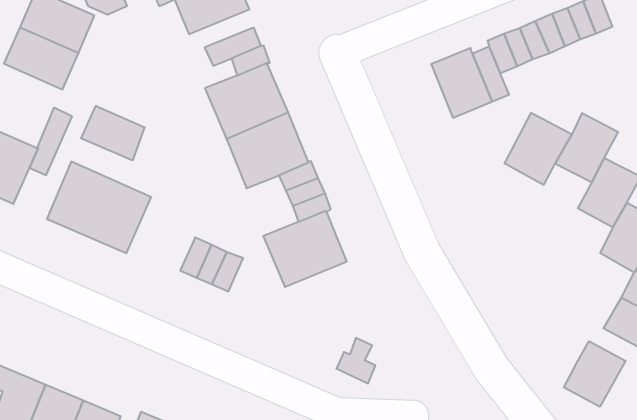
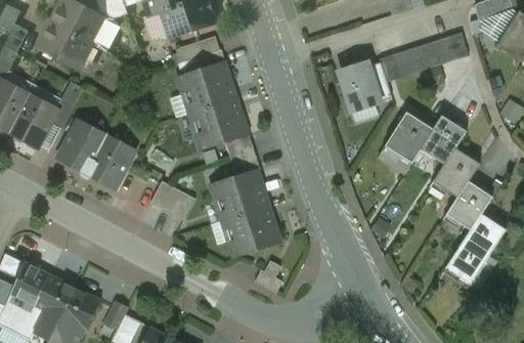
building: [81,106,145,160] -> none
building: none -> [222,206,278,256]
building: [564,341,626,407] -> none

